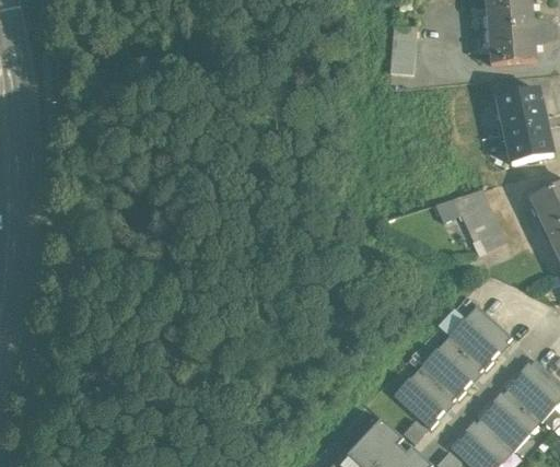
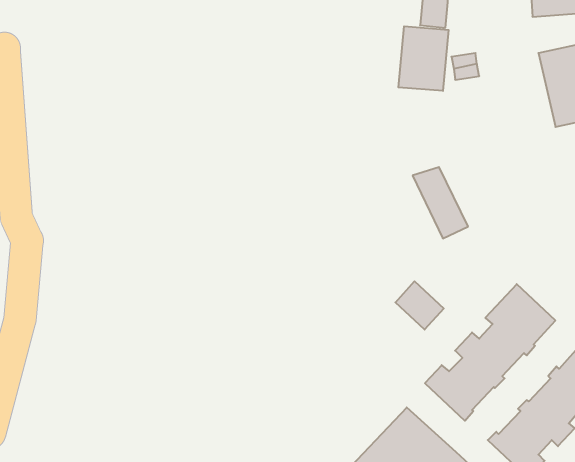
building: none -> [398,26,449,91]
building: [454,189,504,254] -> [413,167,468,238]
building: none -> [395,281,444,330]

